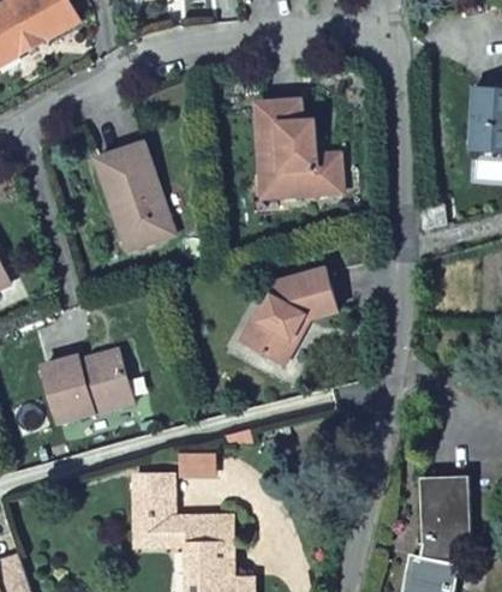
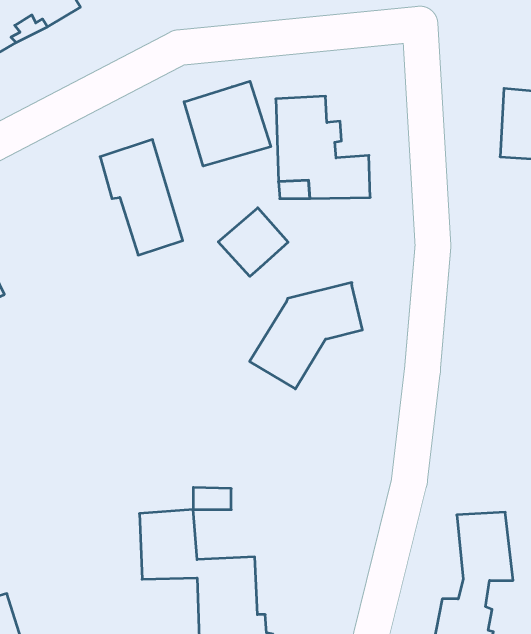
building: none -> [184,81,271,166]
building: none -> [218,208,288,276]
building: [40,348,130,415] -> none

